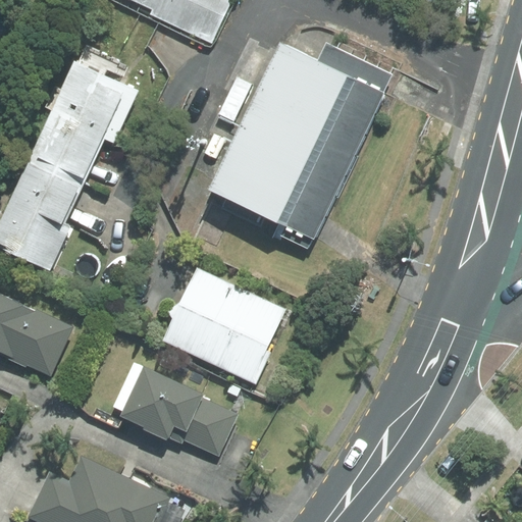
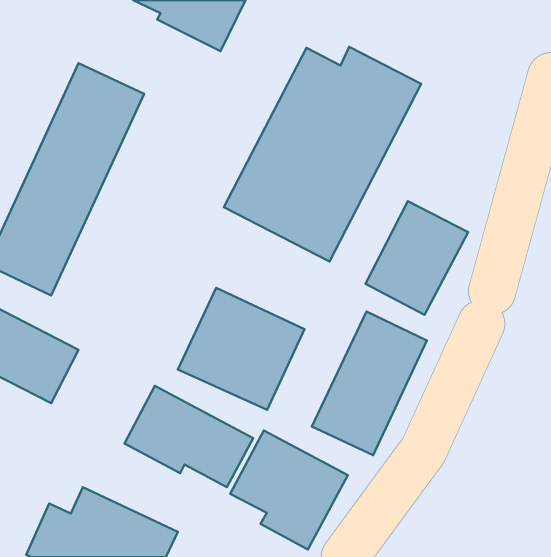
building: none -> [365,201,468,315]
building: none -> [312,312,427,455]
building: none -> [230,430,348,549]

